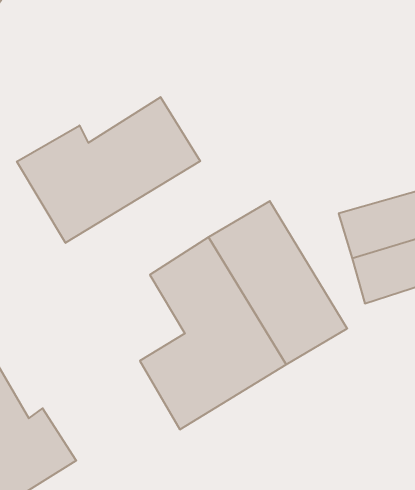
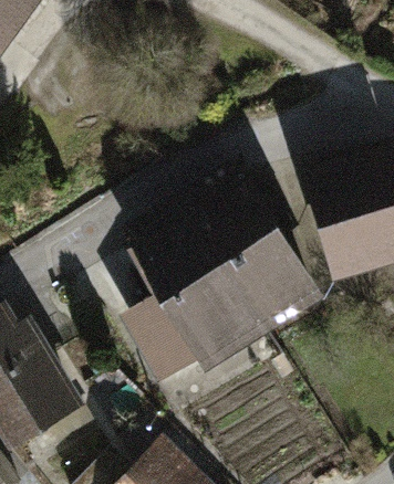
building: [17,97,200,243] -> none

